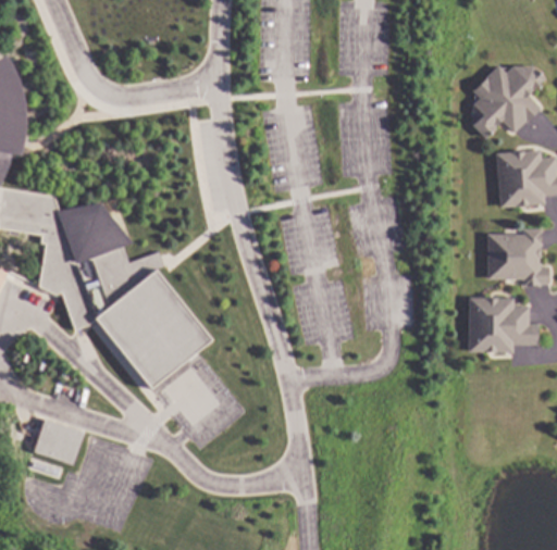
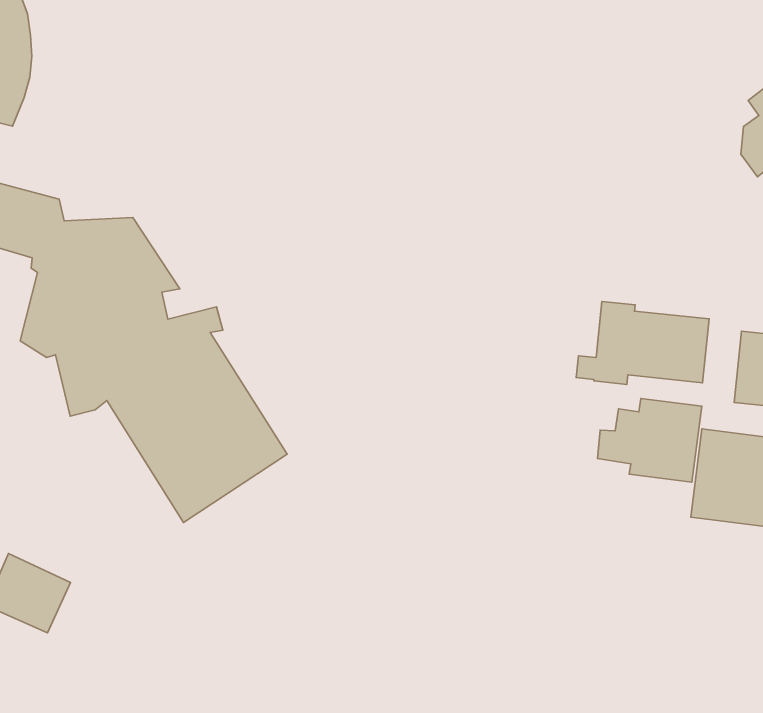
building: none -> [576,301,709,384]
building: none -> [597,398,702,482]

